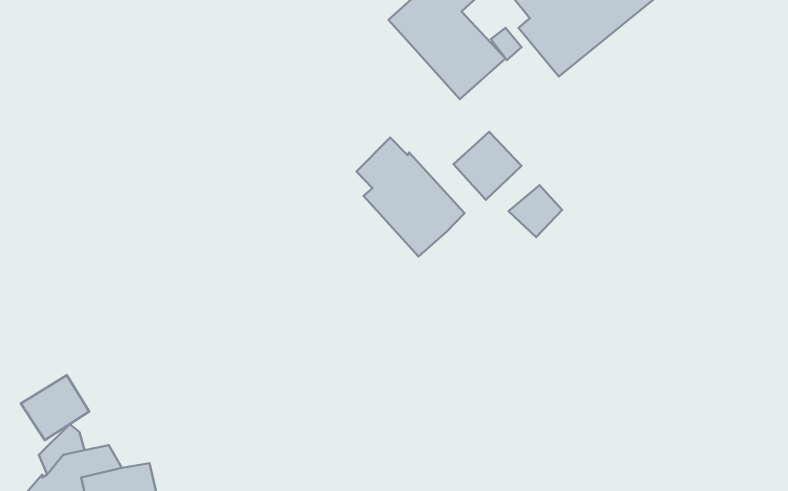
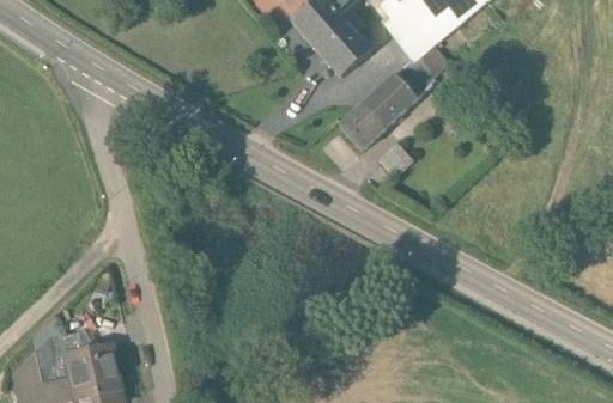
building: none -> [363,68,420,126]
building: [357,137,464,257] -> none
building: [21,375,89,440] -> none

